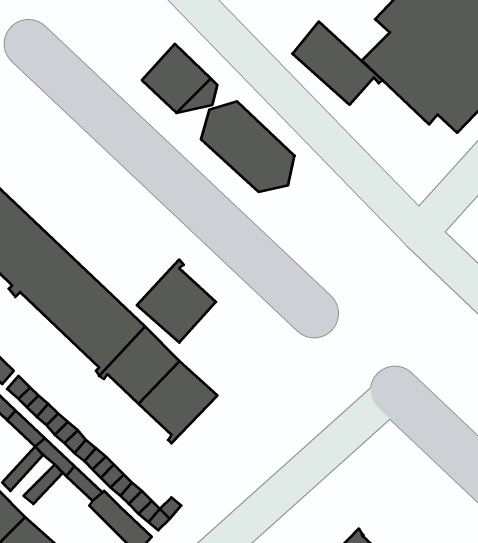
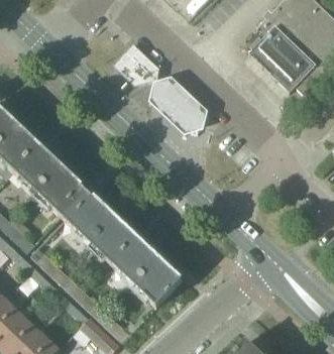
building: [292,22,383,105] -> none
building: [137,260,216,343] -> none
building: none -> [131,258,182,306]

